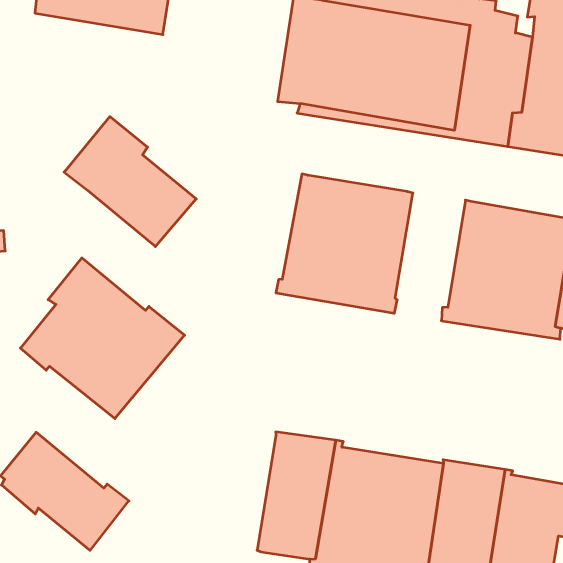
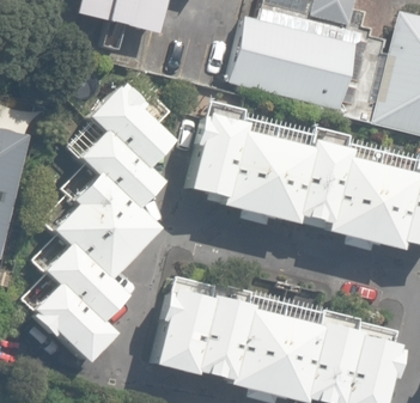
building: none -> [188,111,246,196]
building: none -> [296,138,352,222]
building: none -> [78,129,162,209]
building: none -> [43,240,126,322]
building: none -> [153,287,212,373]

